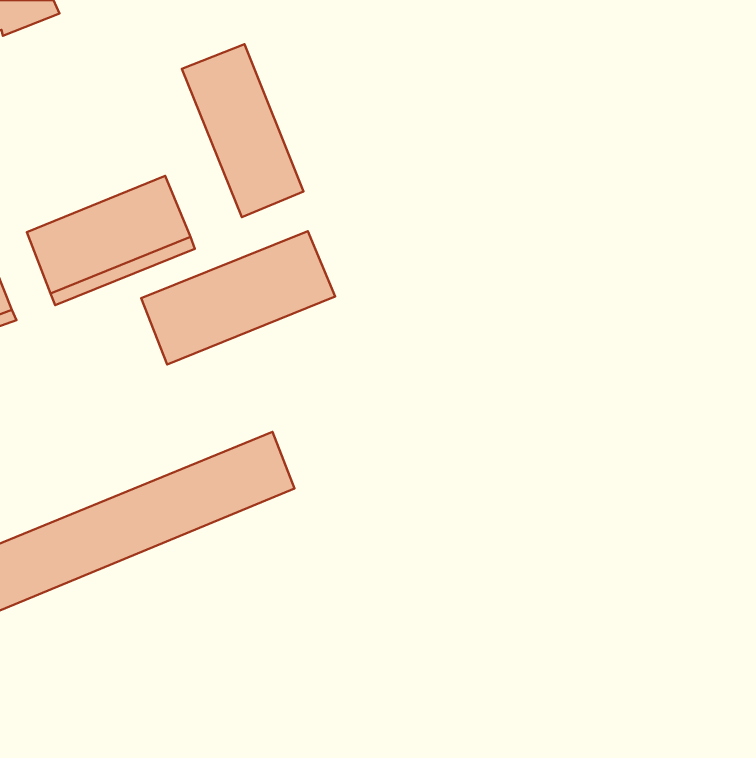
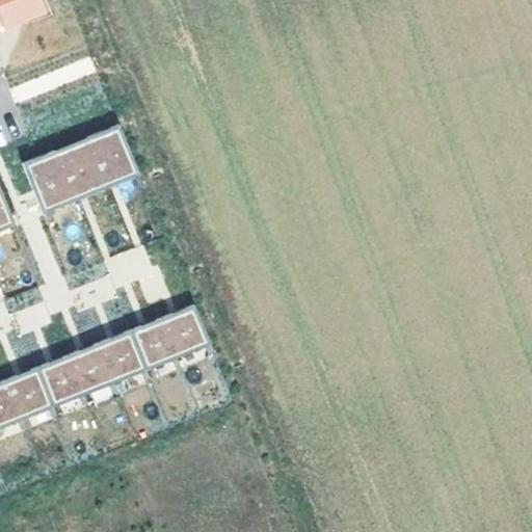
building: [182,44,304,217] -> none
building: [141,231,335,364] -> none

